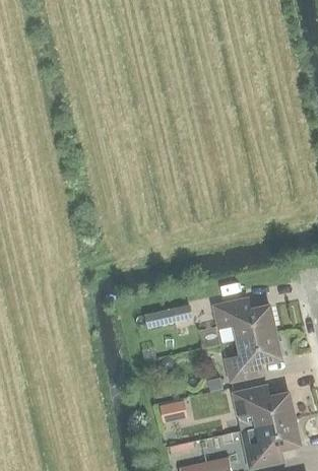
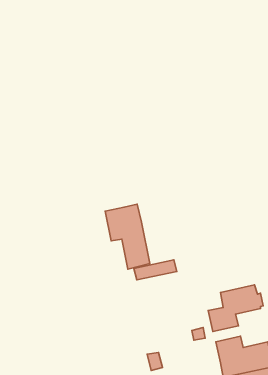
building: none -> [105,204,150,269]
building: [213,299,274,342] -> none

